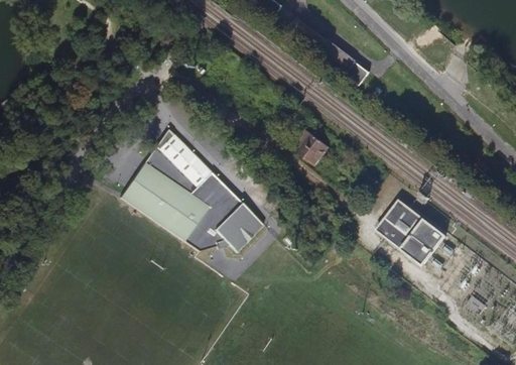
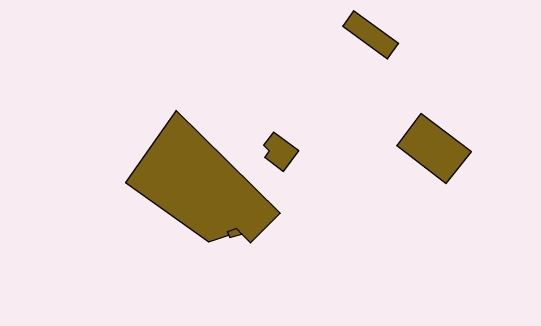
building: [297,129,330,165] -> [264,132,299,171]
building: [378,201,446,265] -> [397,114,471,184]

